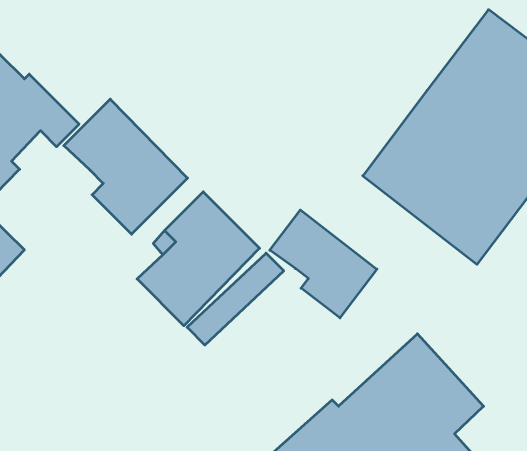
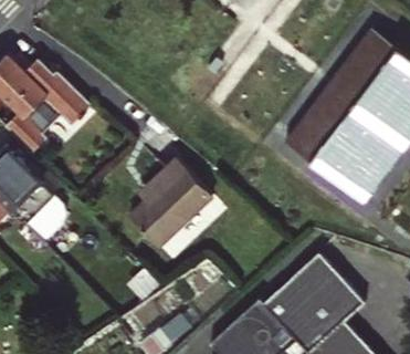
building: [64,99,188,234] -> none
building: [270,210,377,318] -> none

